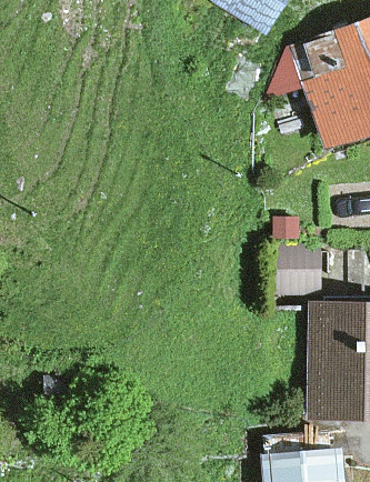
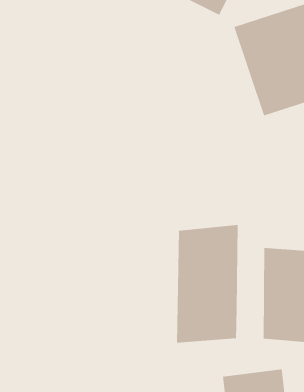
building: none -> [177,224,238,344]

